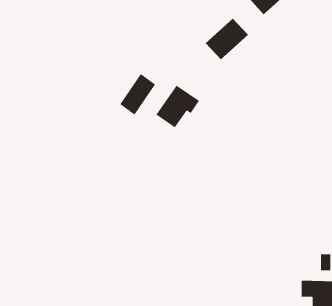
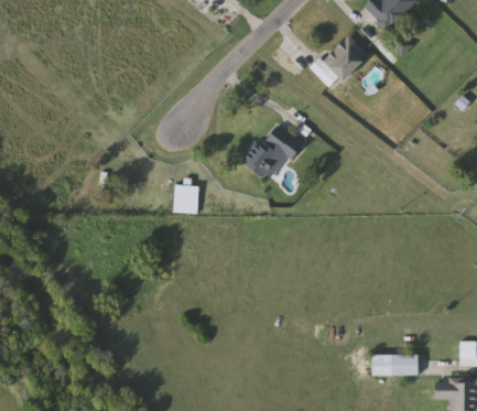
building: [119,73,156,115] -> none
building: none -> [173,184,196,213]
building: none -> [371,354,418,374]

